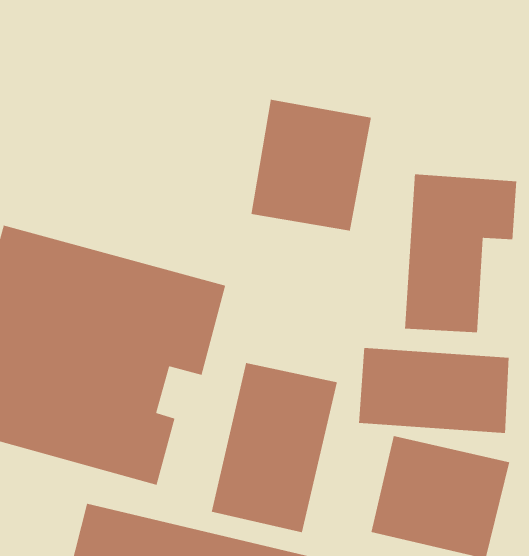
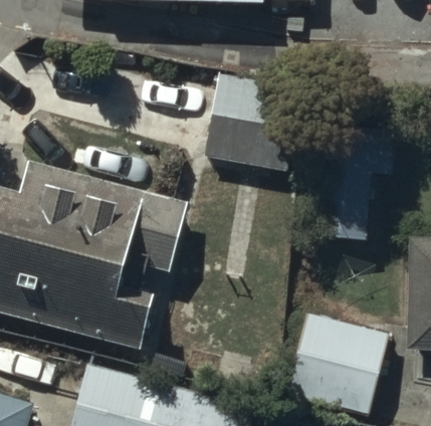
building: [358,347,509,434] -> none
building: [211,362,338,533] -> none

